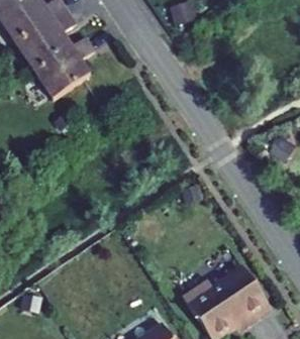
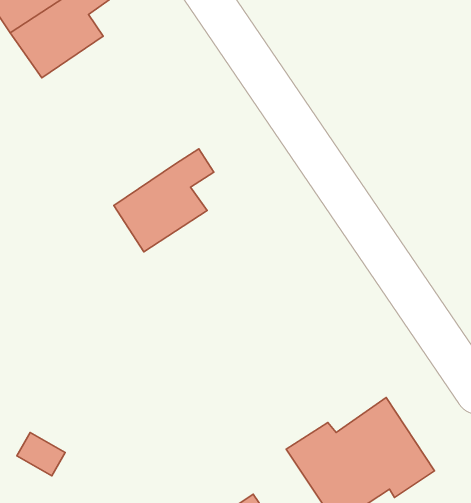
building: [34,36,95,99] -> [114,149,214,252]

